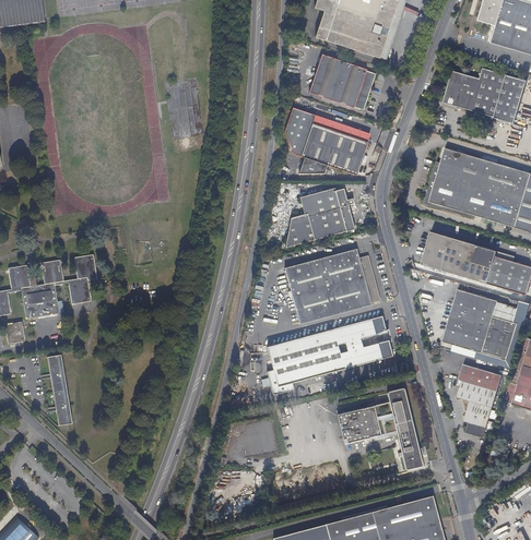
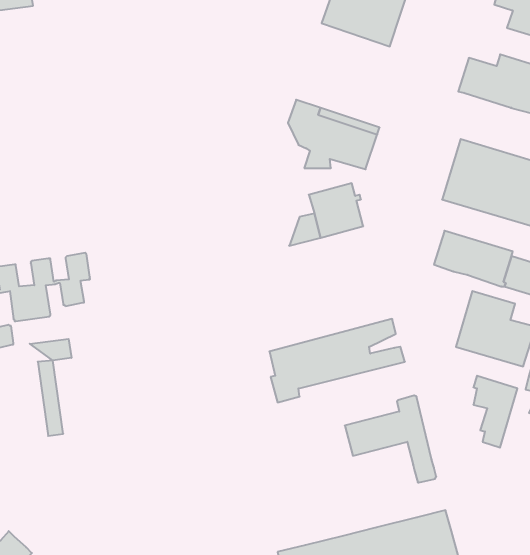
building: [308,56,376,110] -> none
building: [285,249,381,322] -> none
building: none -> [30,339,71,361]

